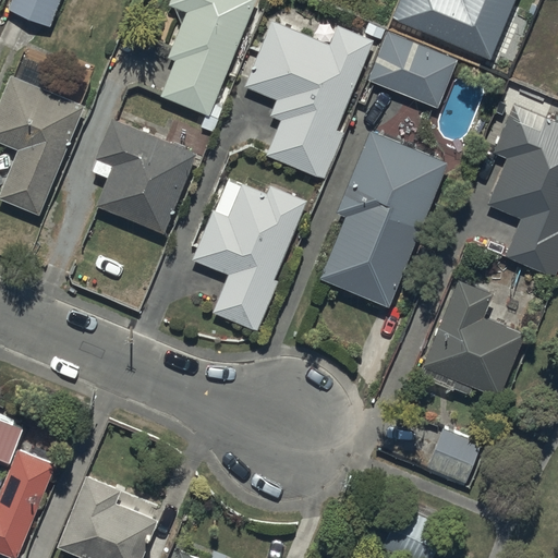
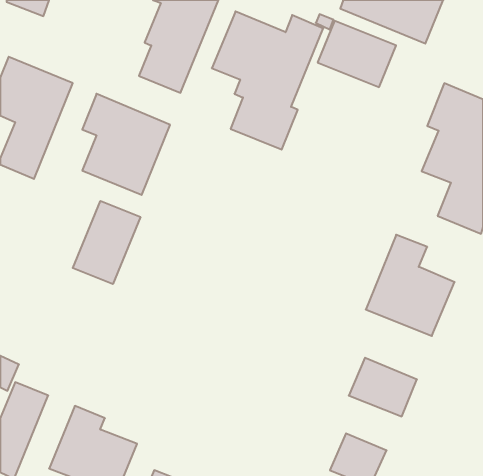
building: [319,130,447,305] -> none
building: [192,181,306,331] -> none
building: none -> [73,201,140,284]

